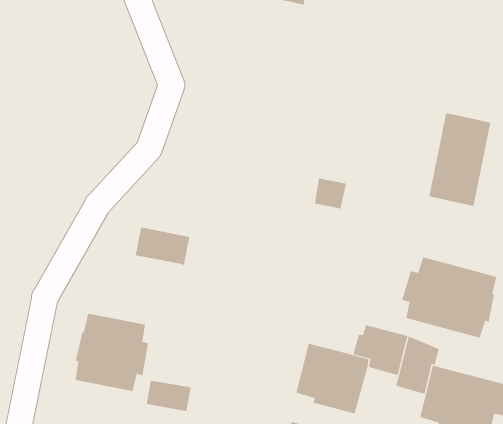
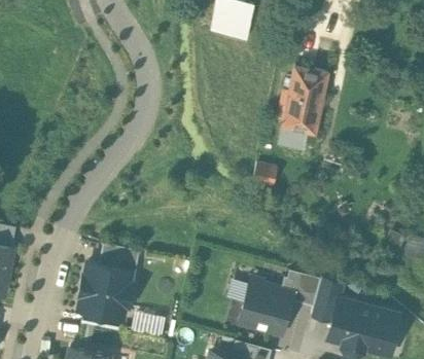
building: [429,113,491,207] -> [282,67,327,135]
building: [135,227,190,265] -> [99,244,139,272]
building: [402,257,497,338] -> none

